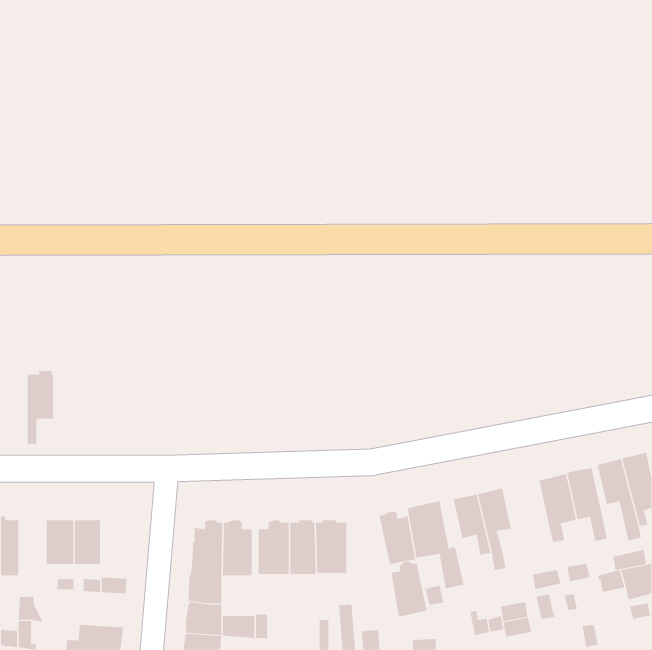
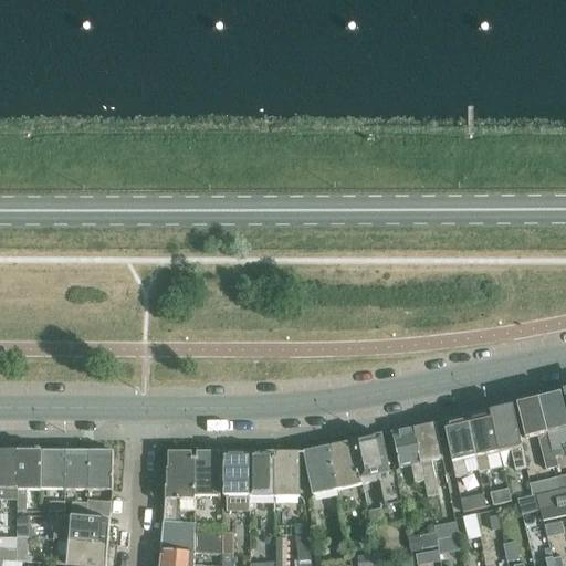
building: [27,370,54,445] -> [17,447,40,511]
building: none -> [443,416,475,475]
building: none -> [87,447,112,489]
building: [390,561,427,617] -> [305,446,337,494]
building: none -> [55,514,109,543]

